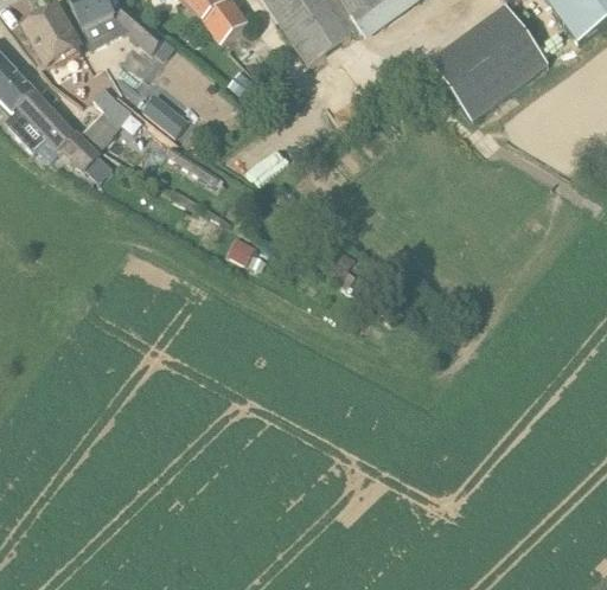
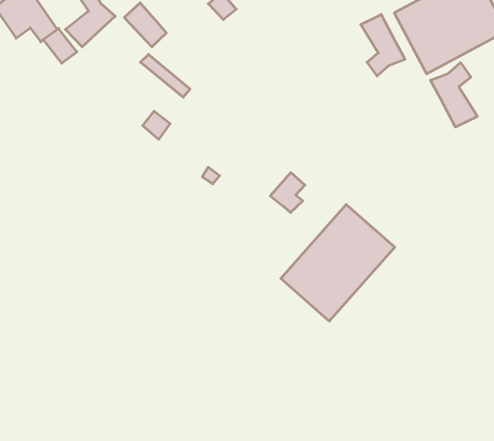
building: none -> [361,14,405,76]
building: none -> [431,63,477,127]
building: none -> [281,204,395,321]

